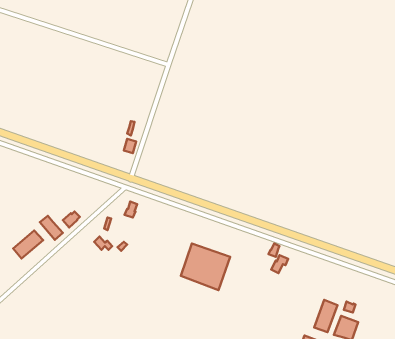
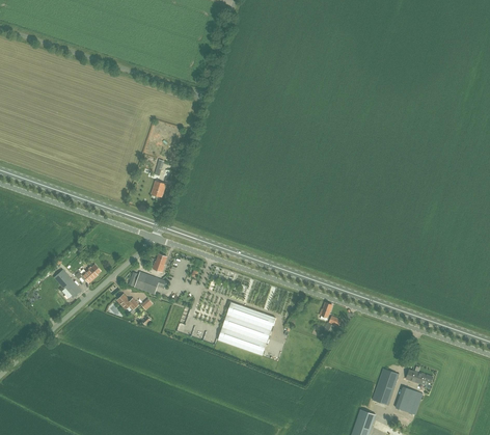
building: none -> [135,271,167,293]
building: [13,230,43,258] -> none

